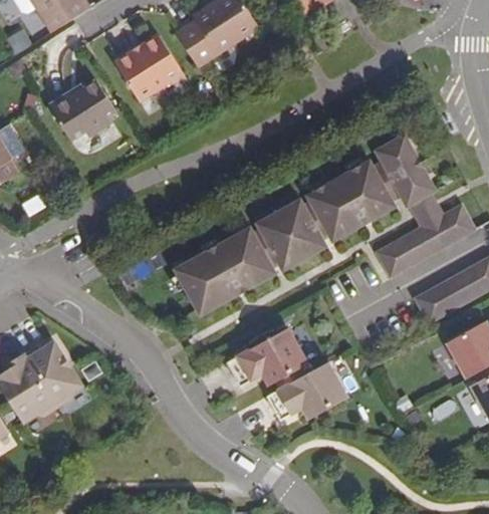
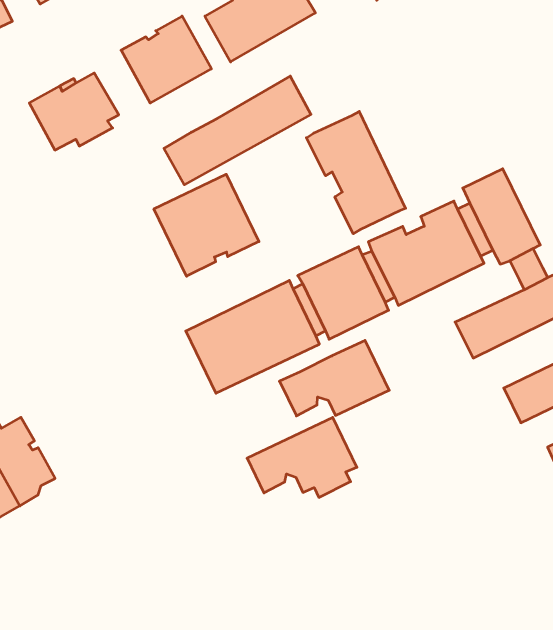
building: none -> [164,76,311,185]
building: none -> [306,111,406,234]
building: none -> [154,174,259,276]
building: [266,361,348,421] -> [279,340,389,416]

